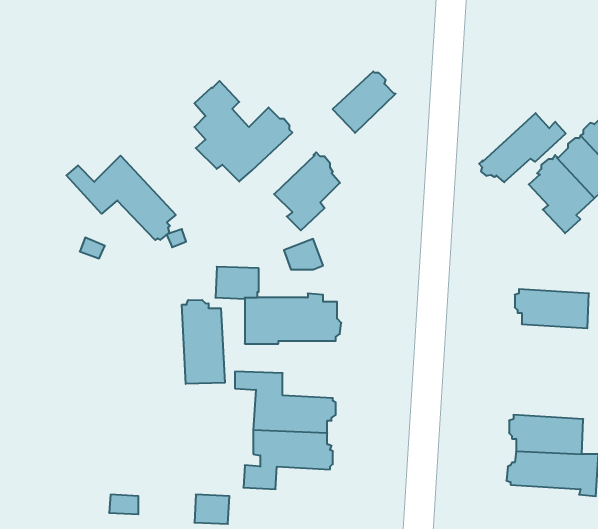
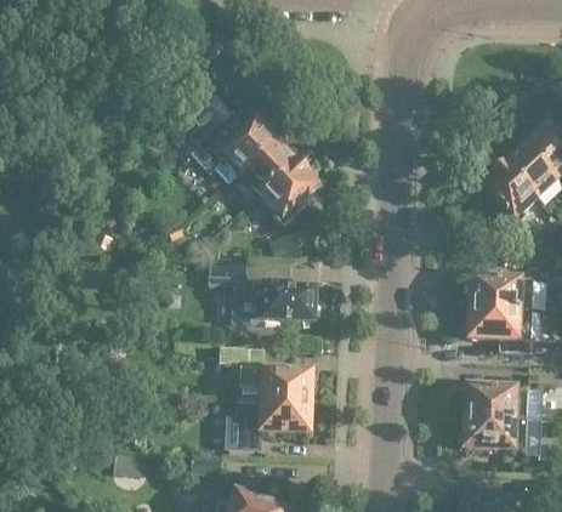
building: [333,71,396,133] -> [240,140,295,193]
building: [479,113,566,182] -> none
building: [66,156,176,240] -> none
building: [182,300,225,384] -> none
building: none -> [467,306,532,352]

